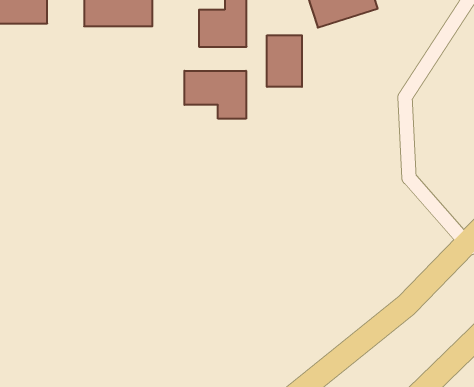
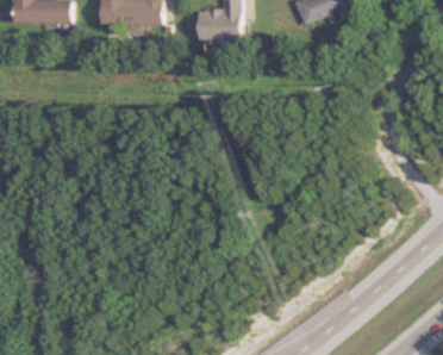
building: [267,35,302,87] -> none
building: [184,71,246,119] -> none

